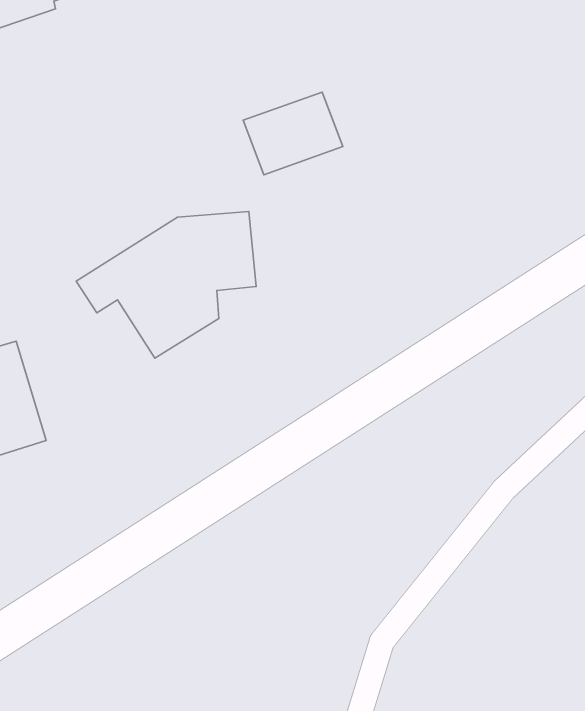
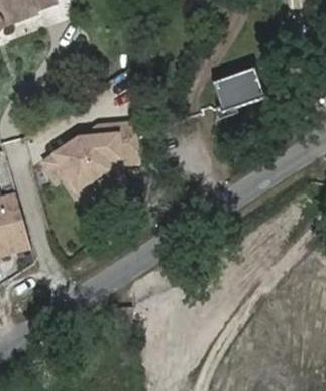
building: [243,92,343,175] -> [211,66,264,110]

